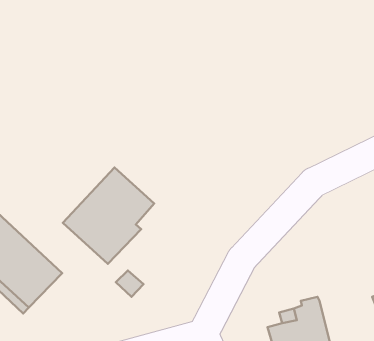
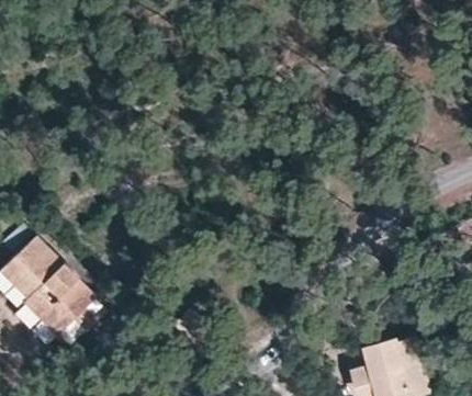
building: [63,167,154,264] -> none

